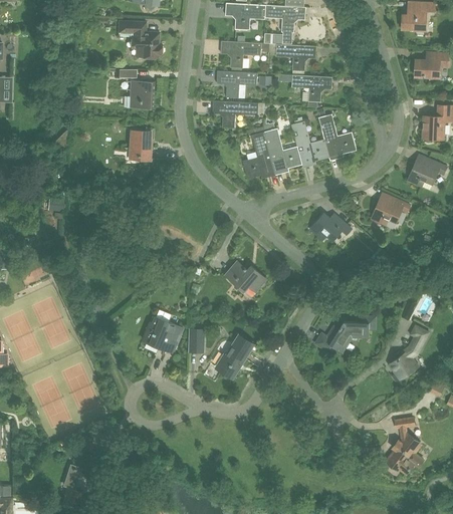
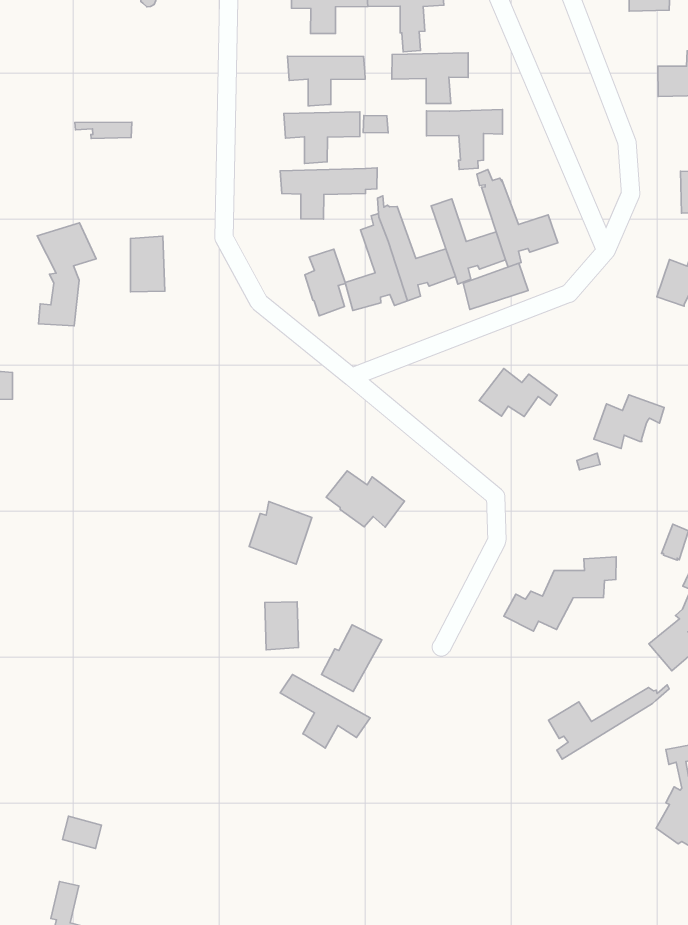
building: [118,20,162,57] -> none
building: [130,80,155,106] -> none
building: none -> [37,223,96,326]
building: none -> [305,249,346,316]
building: none -> [463,263,528,310]
building: [371,197,409,225] -> [594,395,664,449]
building: [143,316,177,350] -> [249,501,312,564]
building: none -> [280,675,370,748]
building: none -> [549,685,669,759]

